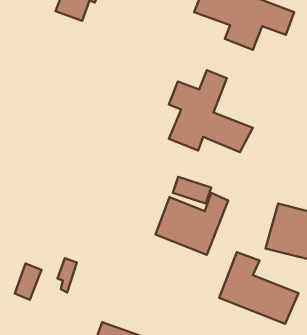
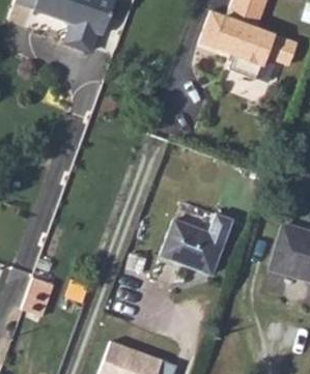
building: [169,70,253,152] -> none
building: [219,252,298,324] -> none

